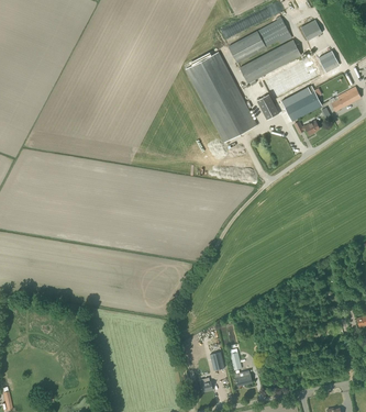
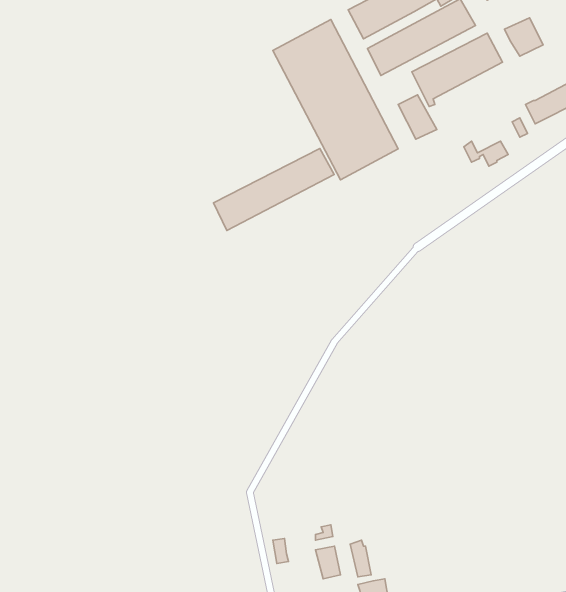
building: [285,91,322,121] -> none
building: none -> [214,148,334,231]

